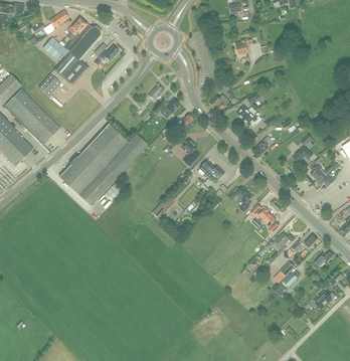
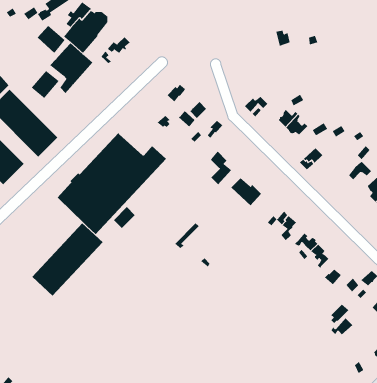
building: none -> [32,223,103,297]

